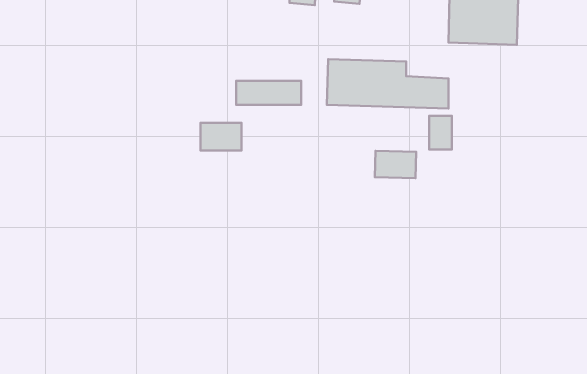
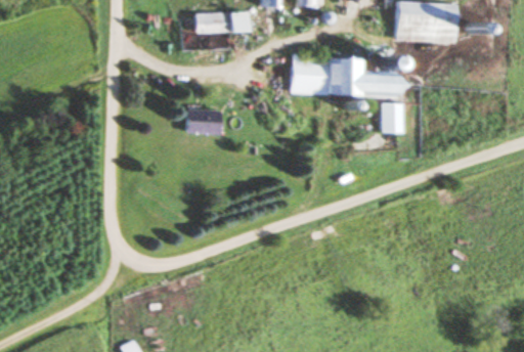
building: [236,81,301,105] -> [193,12,249,33]
building: [375,151,416,178] -> none

